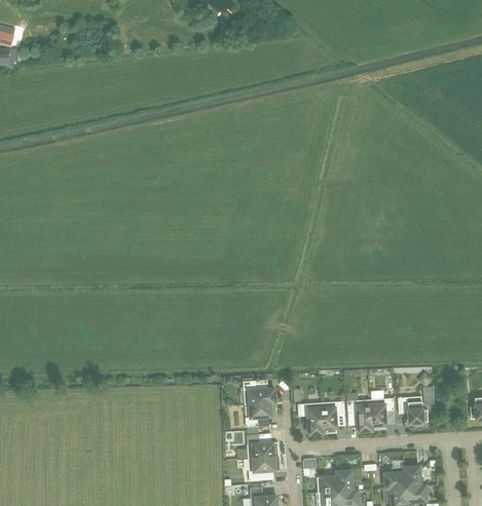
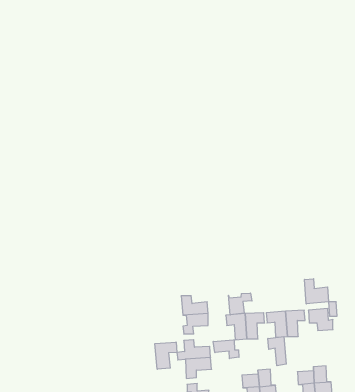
building: none -> [305,279,329,304]
building: none -> [229,293,252,315]
building: none -> [268,337,286,366]
building: none -> [213,340,239,359]
building: none -> [155,342,177,369]

